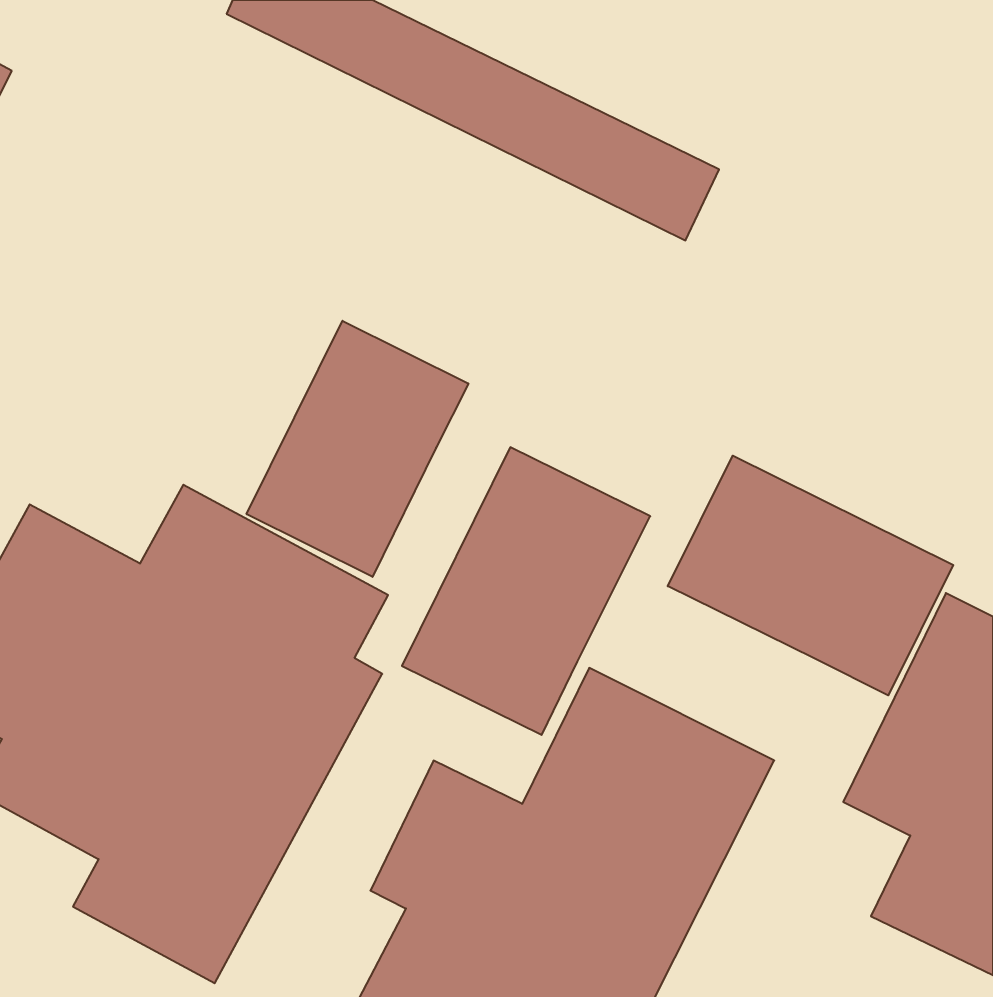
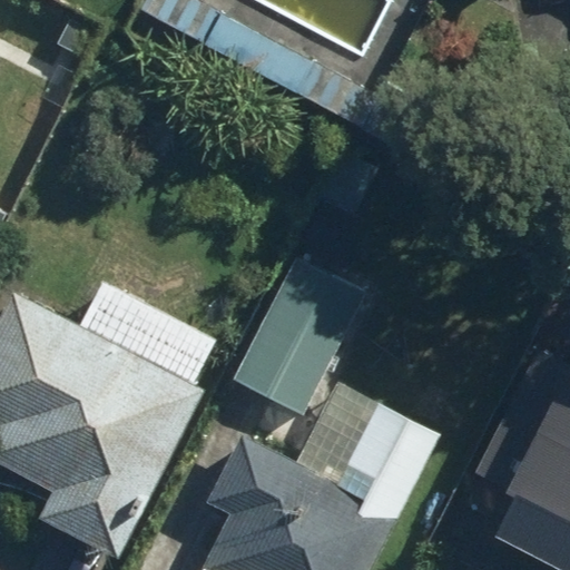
building: [247,321,468,577] -> none
building: [668,456,953,695] -> none

